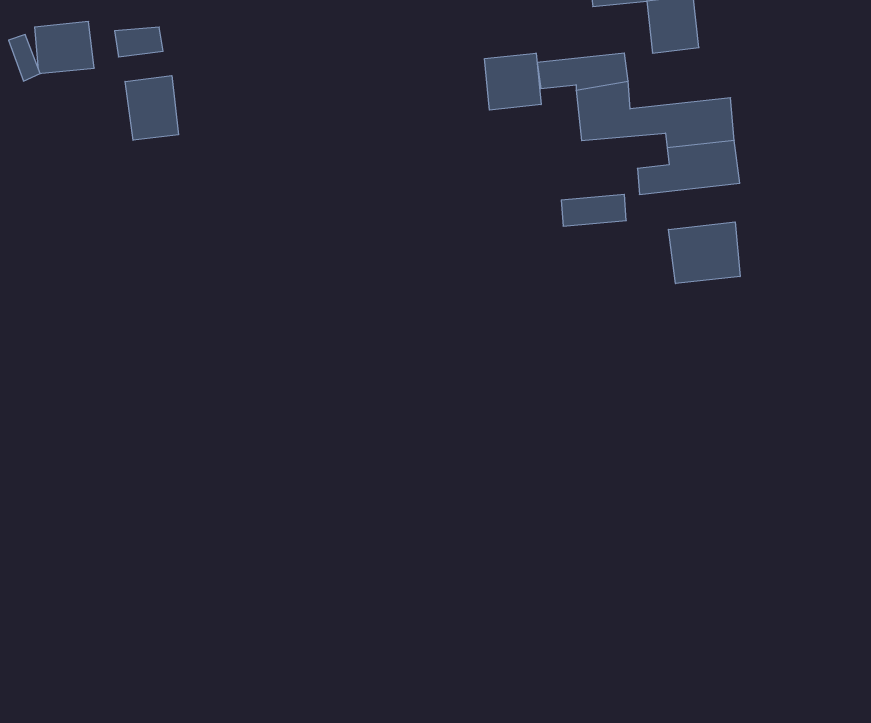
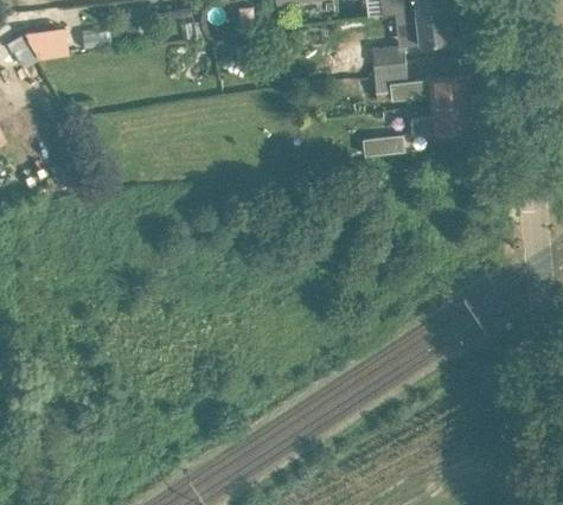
building: [485,53,541,110] -> none
building: [125,76,178,140] -> none
building: [668,222,740,284] -> none

